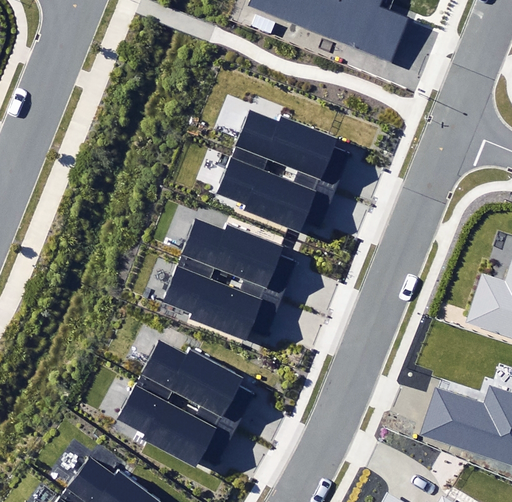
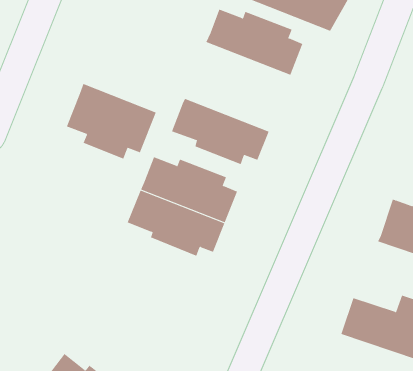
building: [232,111,349,191] -> [206,9,303,76]
building: none -> [66,83,156,159]
building: [116,340,255,466] -> none

